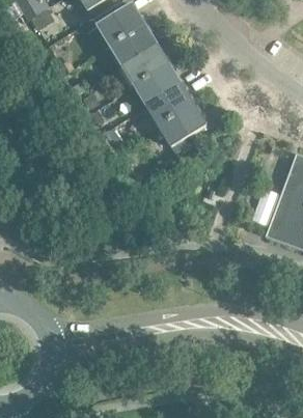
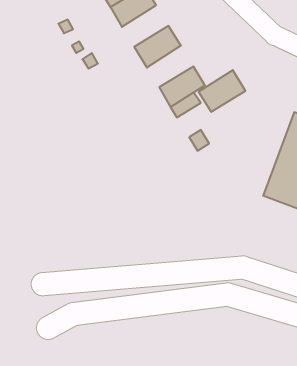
building: [122,45,169,86] -> none
building: [147,85,194,127] -> [199,70,245,112]

